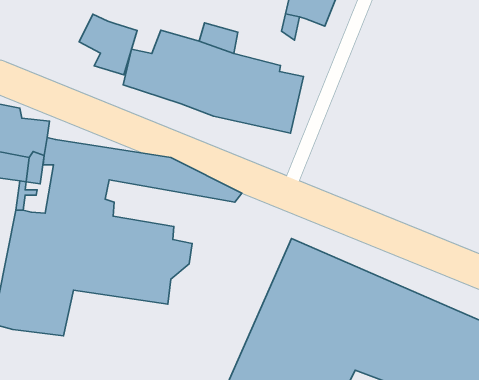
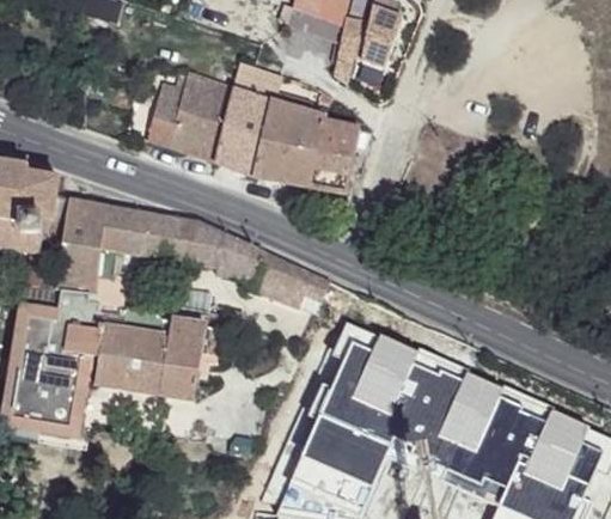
building: [79,14,137,75] -> none

